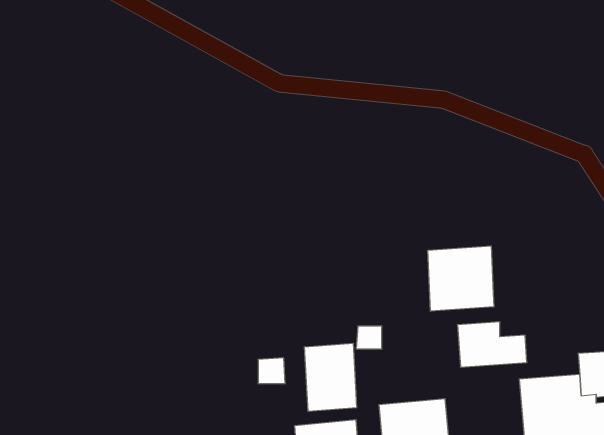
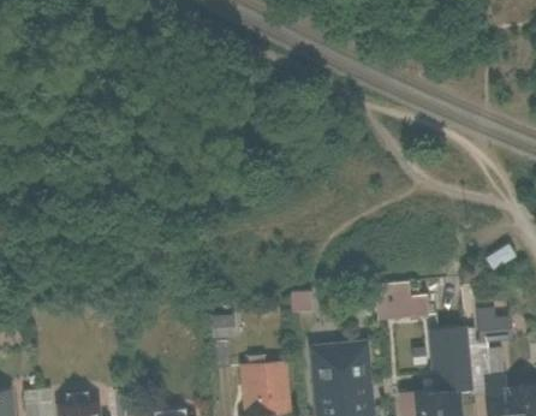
building: [428,246,494,311] -> none
building: [305,343,357,411] -> none

